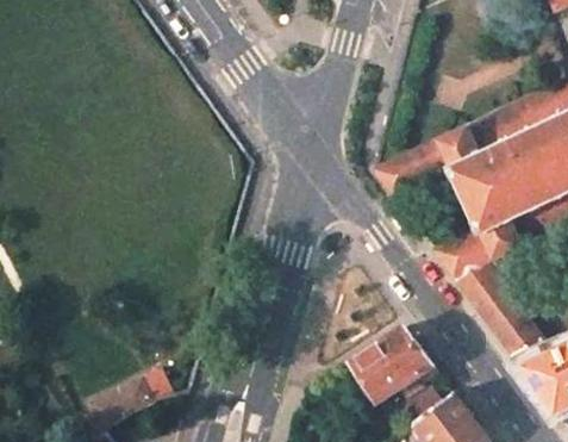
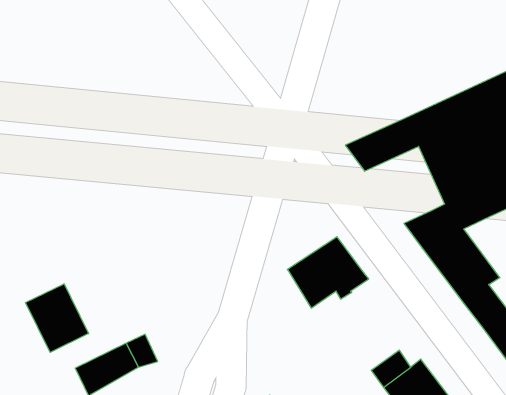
building: none -> [26,284,89,352]
building: [349,329,435,404] -> [287,237,369,308]

